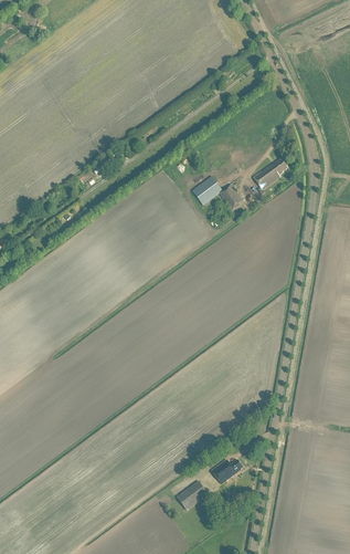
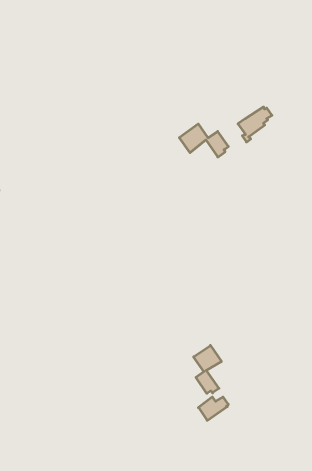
building: none -> [194,345,221,393]
building: [176,480,210,510] -> none

